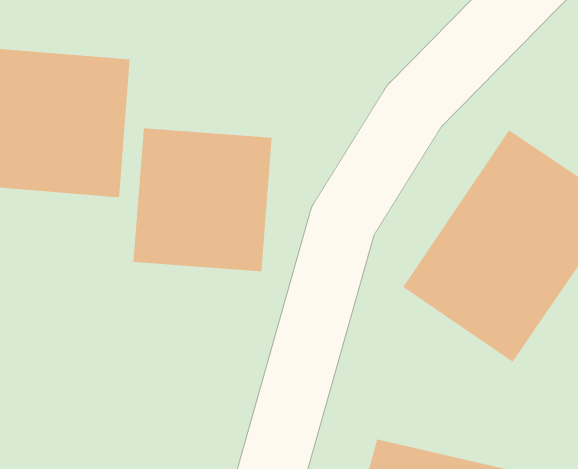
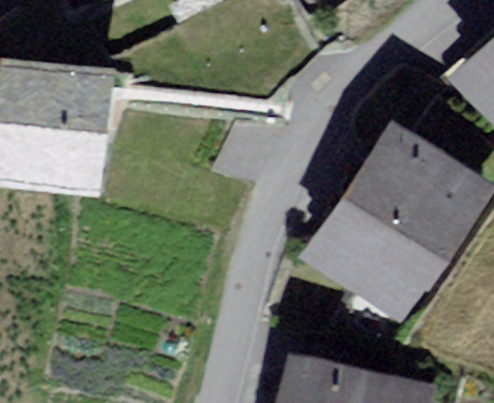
building: [133,128,273,272] -> none

